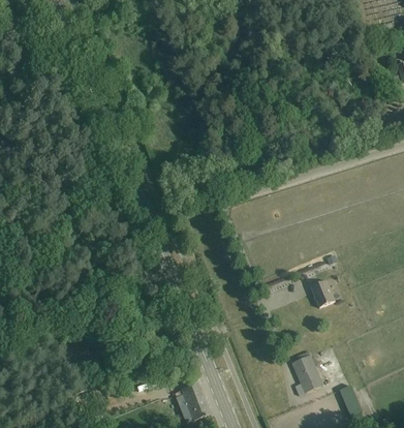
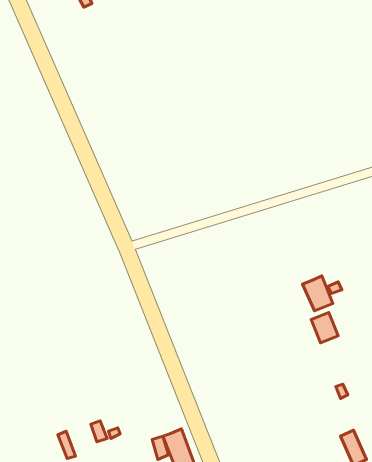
building: none -> [303,276,333,311]
building: [291,354,323,395] -> none

